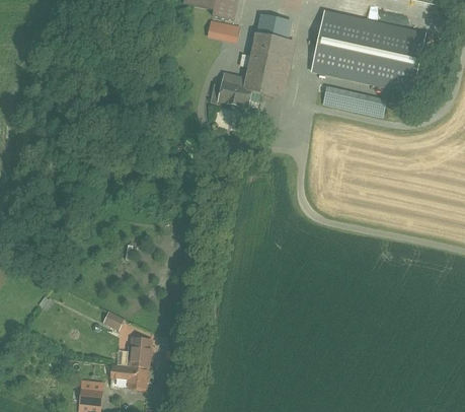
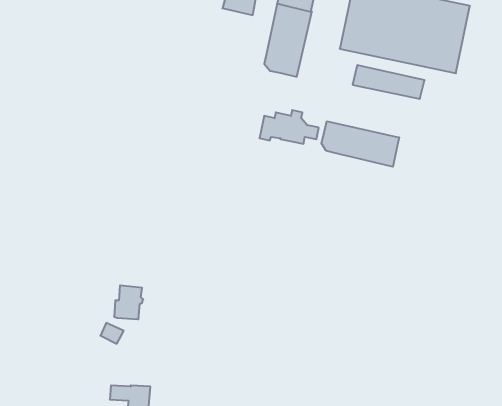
building: [209,76,260,106] -> [259,110,319,144]
building: none -> [321,121,399,167]
building: [126,336,151,365] -> [114,285,143,319]

